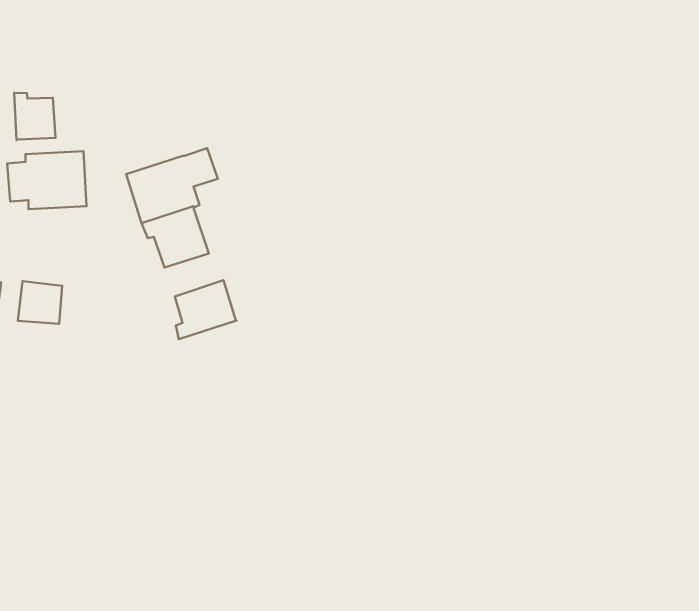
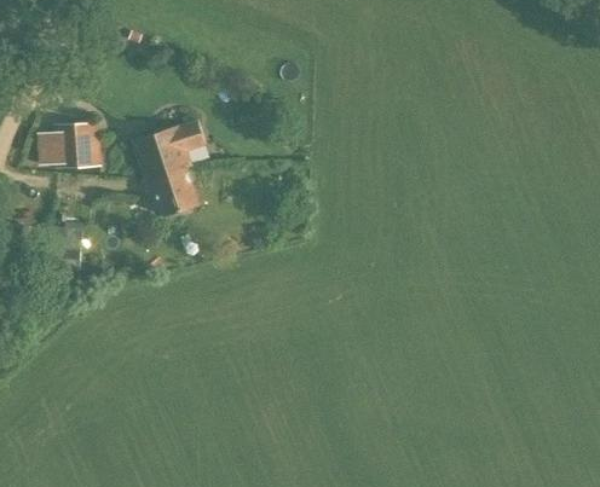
building: [14,93,55,140] -> none
building: [175,280,237,339] -> none

